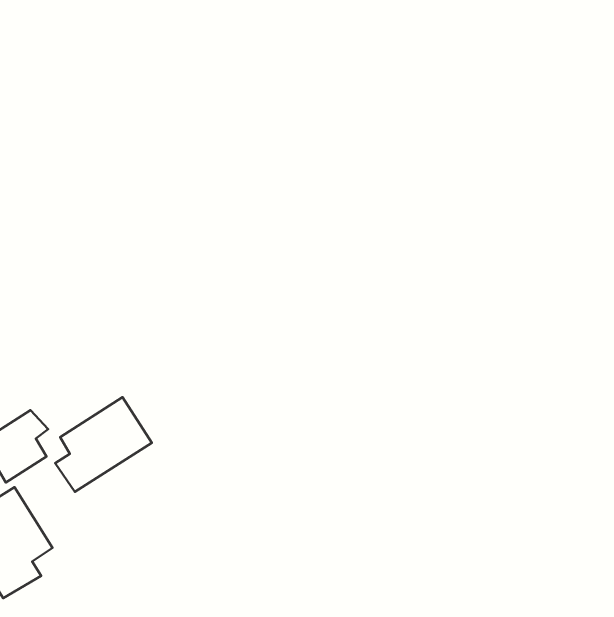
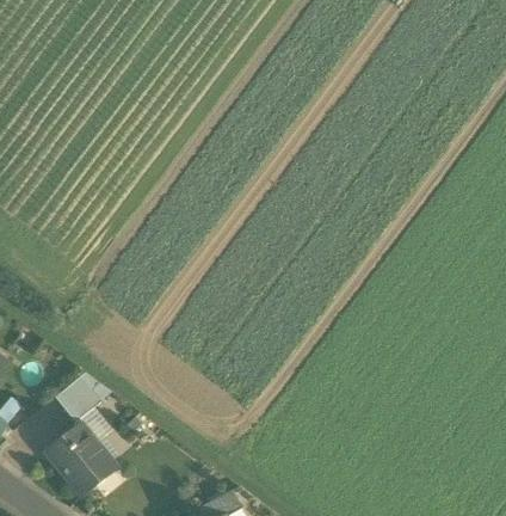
building: [55,397,152,492] -> none

